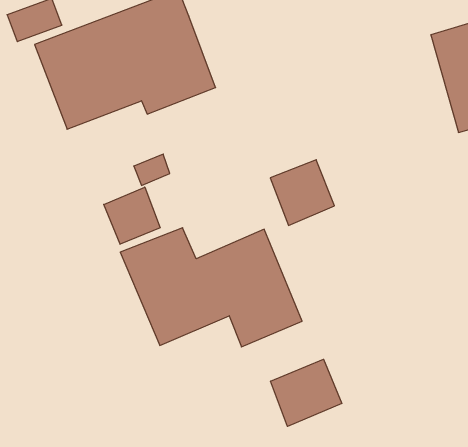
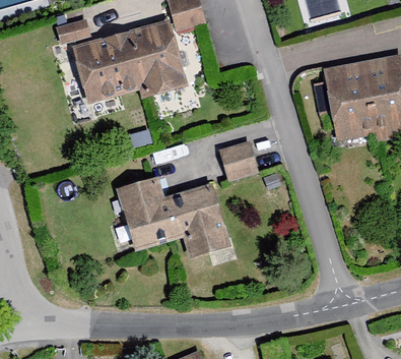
building: [104,187,160,244] -> none
building: [271,359,342,426] -> none

